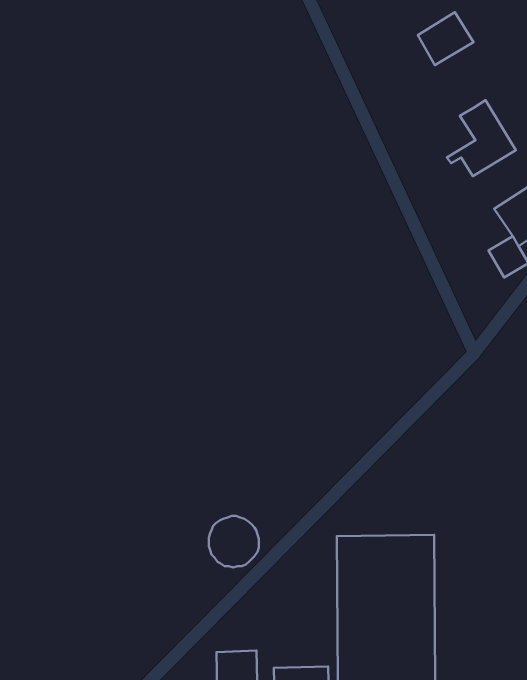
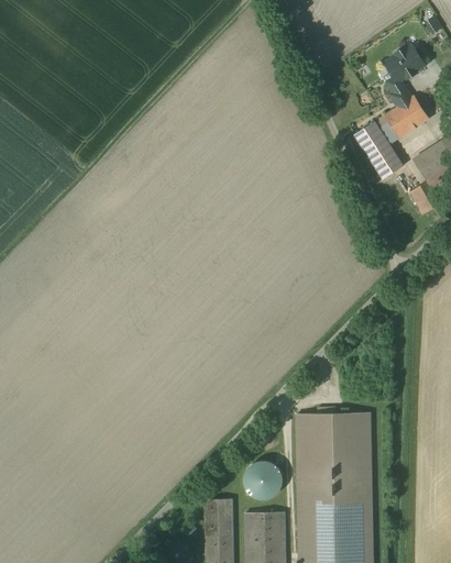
building: [418,12,474,65] -> [386,43,429,84]
building: none -> [354,122,406,183]
building: [209,516,259,567] -> [242,460,281,499]

